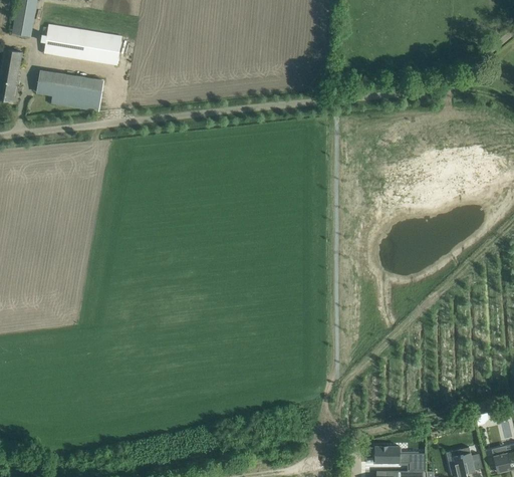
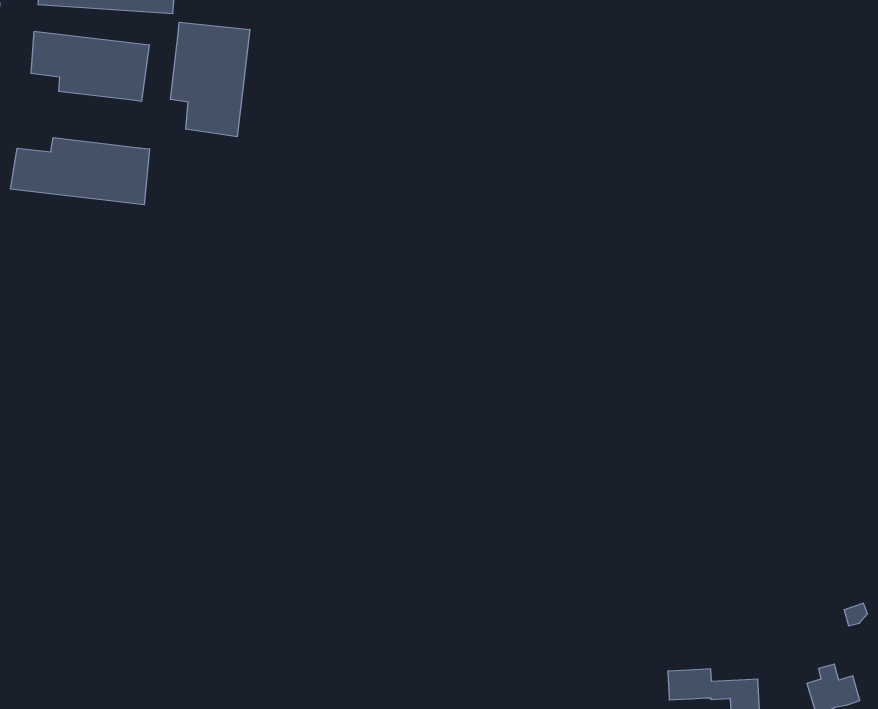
building: none -> [170,22,250,137]
building: none -> [11,138,149,205]

